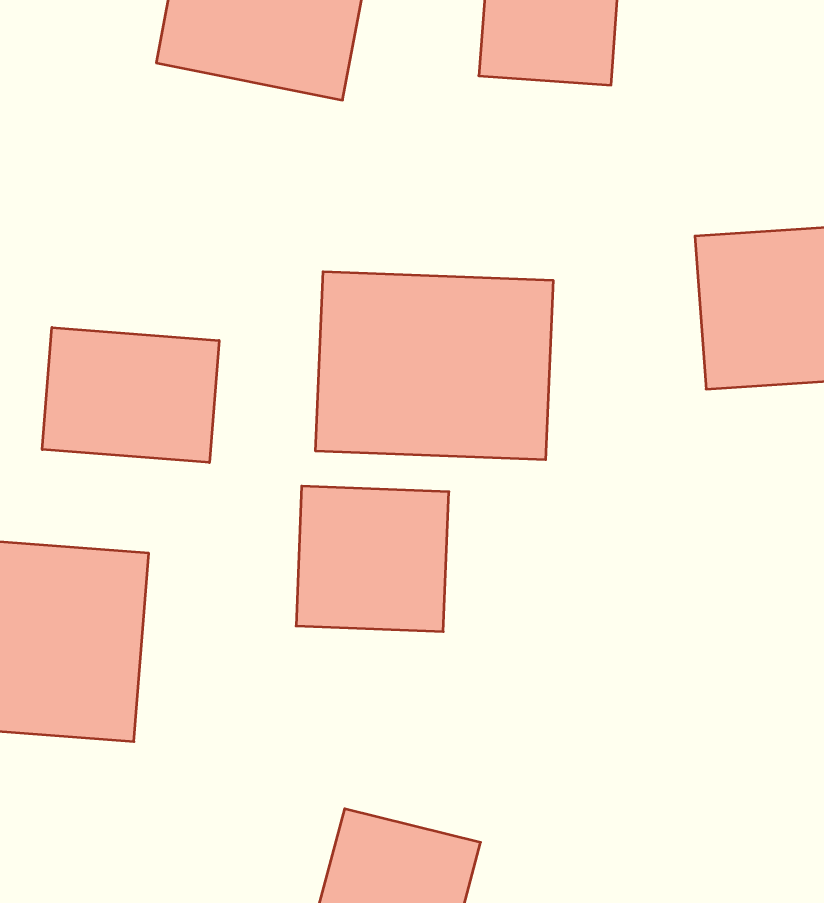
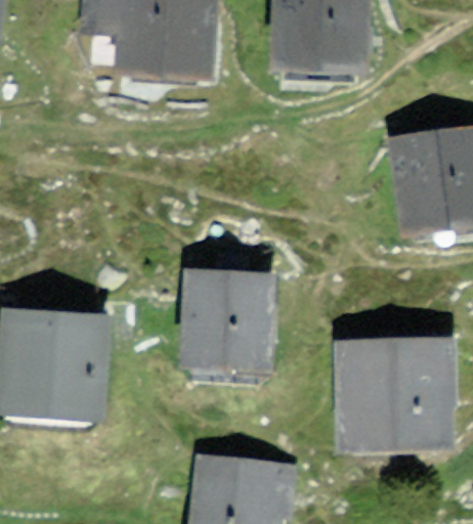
building: [316,272,553,460] -> none
building: [42,327,219,463] -> none
building: none -> [319,342,429,443]

